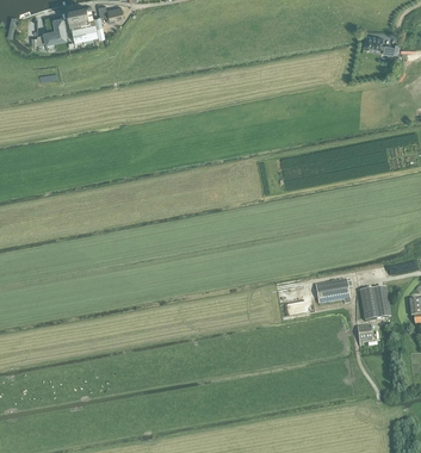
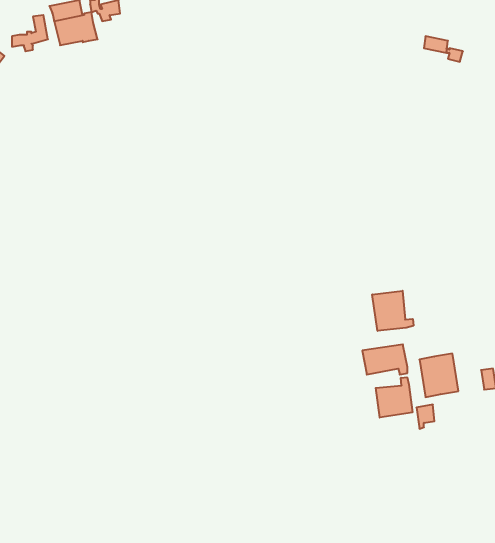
building: none -> [372,291,413,331]
building: none -> [376,377,412,418]

